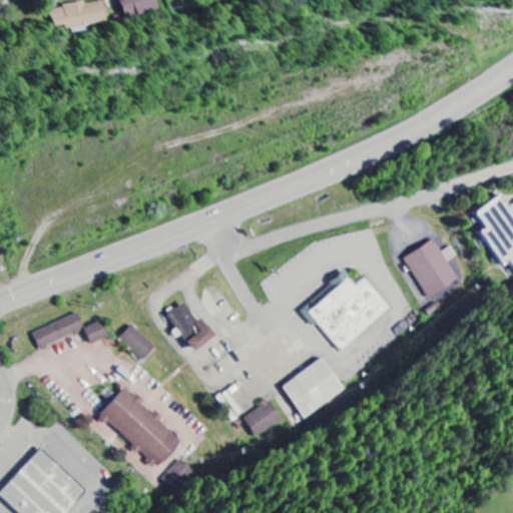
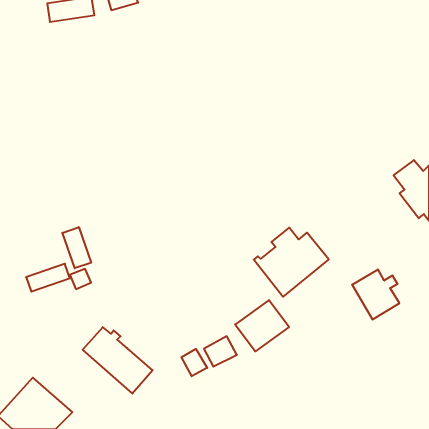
building: [403,238,459,298] -> [352,270,399,319]
building: none -> [62,227,91,268]
building: [166,303,214,352] -> none
building: [118,325,154,360] -> none
building: none -> [181,349,207,376]

